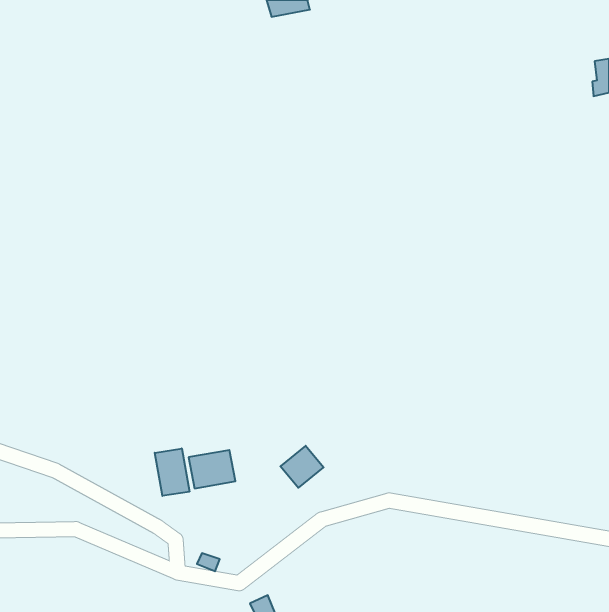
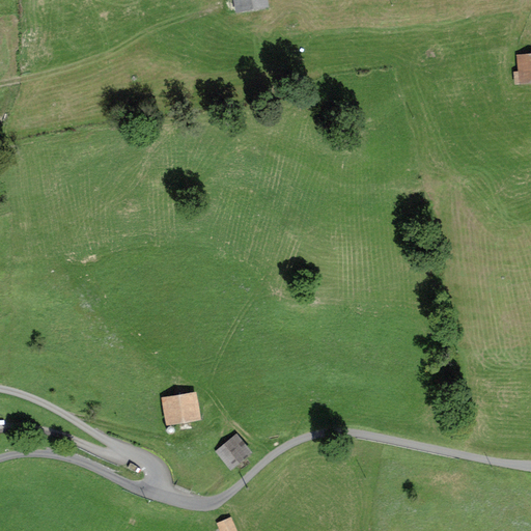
building: [280,446,324,488] -> [216,432,253,469]
building: [155,448,189,496] -> none

